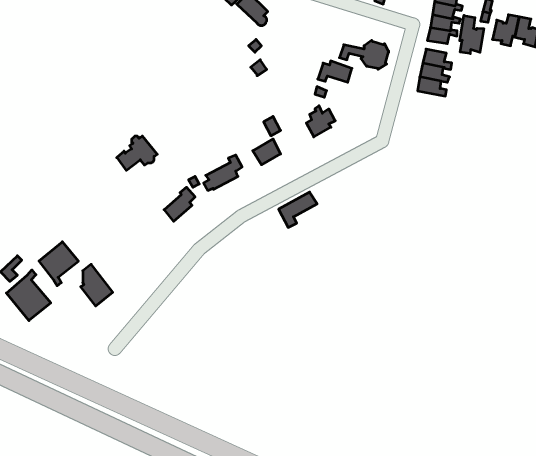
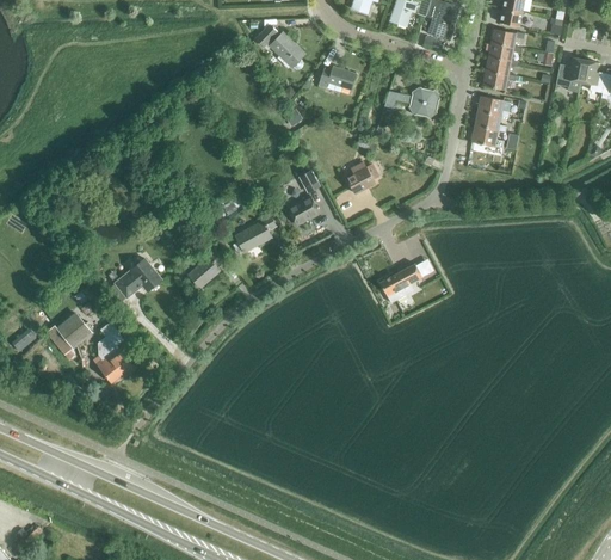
building: [460,15,484,54] -> none
building: [318,61,352,82] -> [316,66,354,90]
building: [117,136,157,170] -> [115,259,160,297]
building: [279,192,317,227] -> [378,264,421,303]
building: [6,270,51,321] -> none

